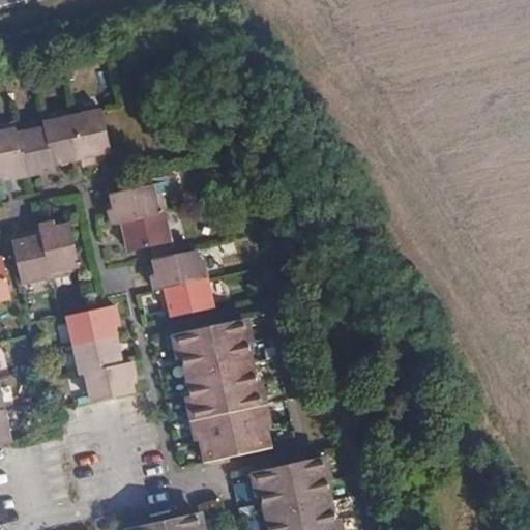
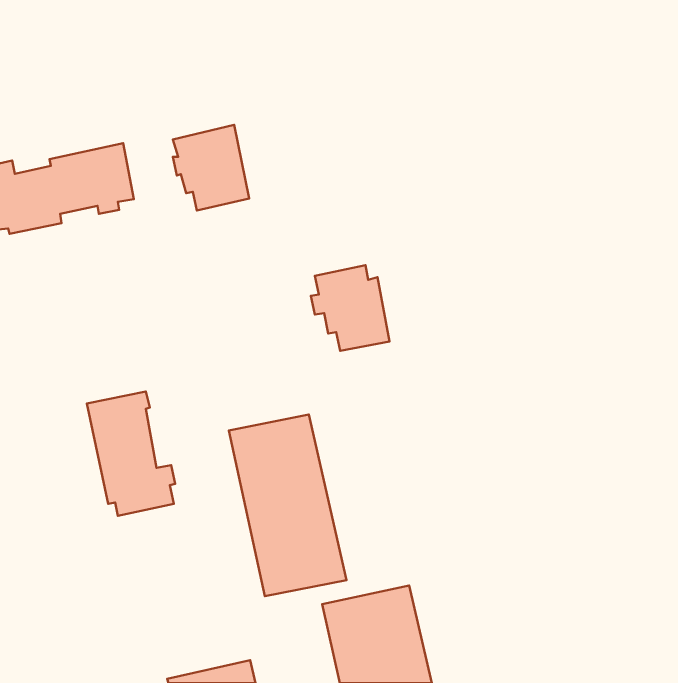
building: [111,185,170,252] -> [173,125,249,210]
building: [11,217,79,279] -> none
building: [151,251,212,317] -> [311,265,390,351]

